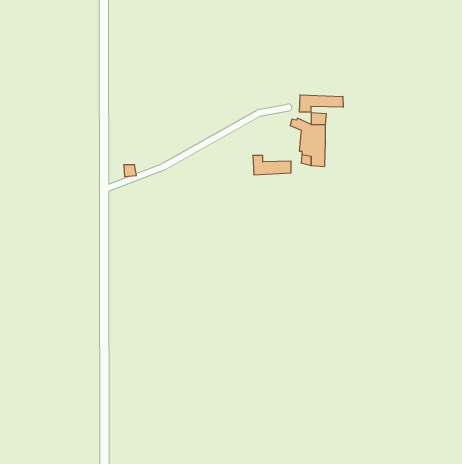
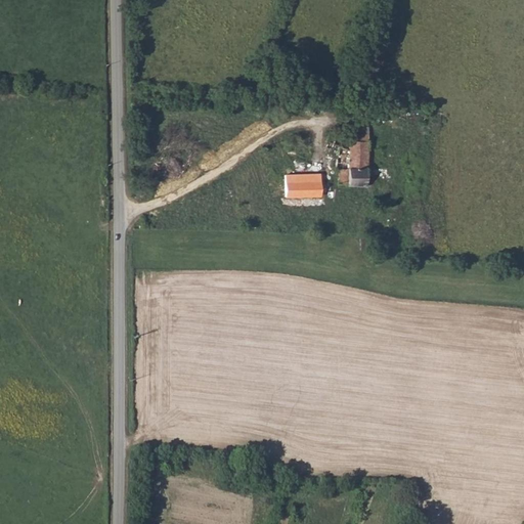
building: [299,95,343,112] -> none

